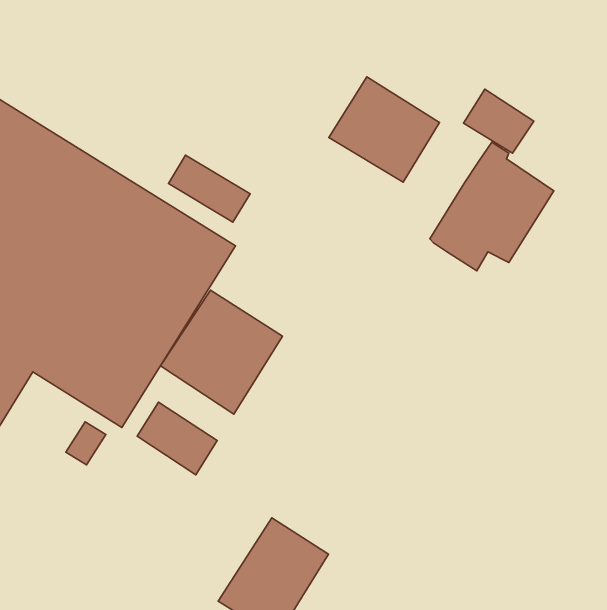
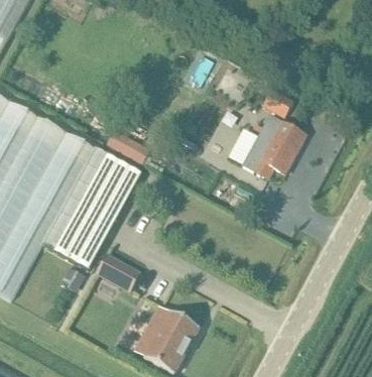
building: [329,77,439,182] -> none
building: [161,290,283,414] -> none

